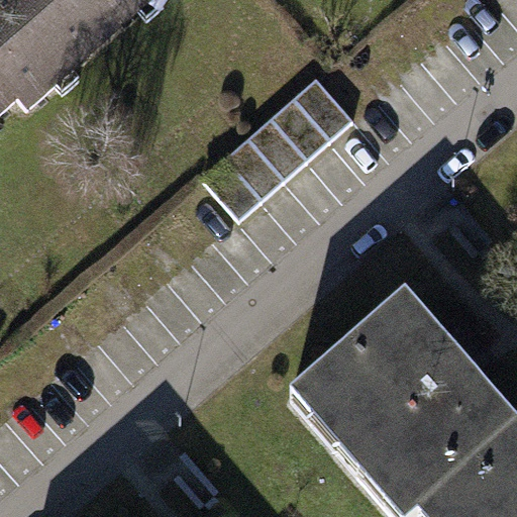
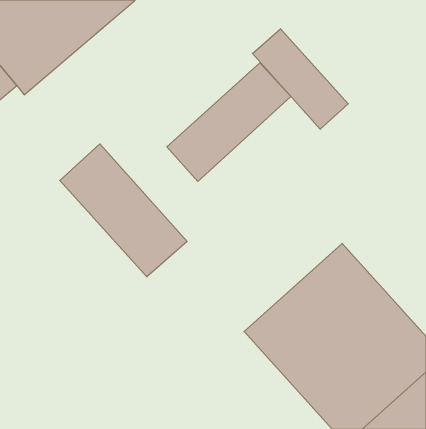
building: none -> [252,29,348,129]
building: none -> [60,144,187,277]

